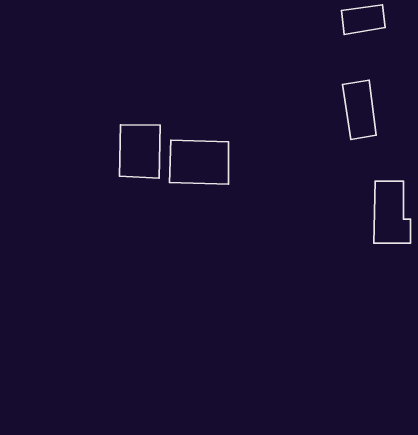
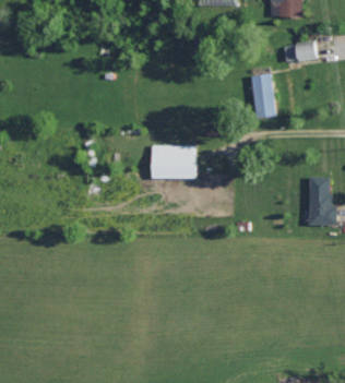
building: [342,80,376,139] -> [250,73,276,119]
building: [119,125,160,178] -> none

